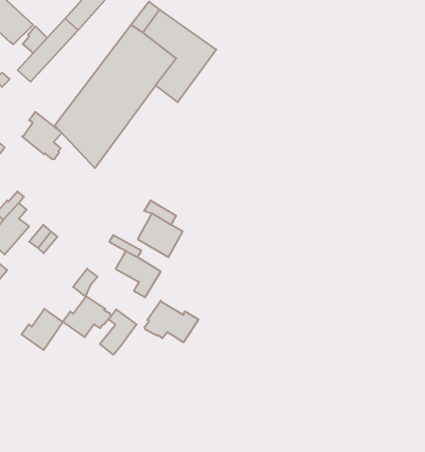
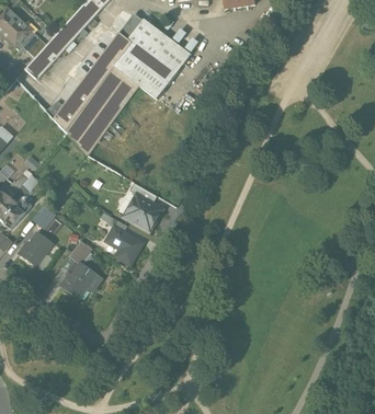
building: [22,112,62,159] -> none
building: [144,300,198,342] -> none
building: [21,309,63,350] -> [18,231,53,266]
building: [100,309,137,355] -> none

